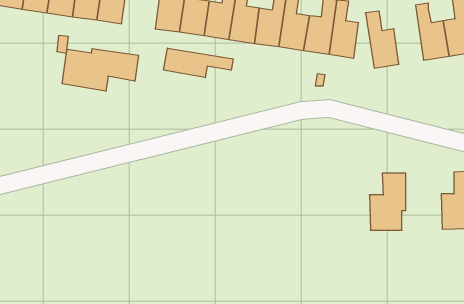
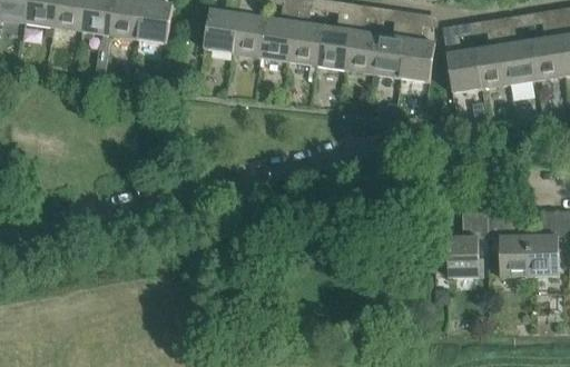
building: none -> [474,22,508,89]
building: [164,48,233,78] -> none
building: [62,49,139,91] -> none
building: none -> [488,211,529,276]

